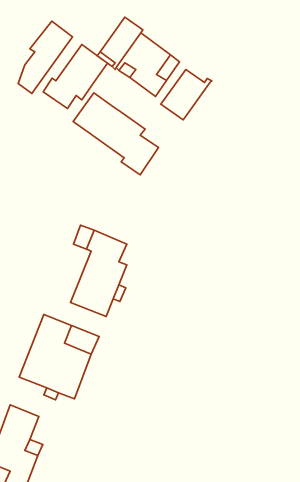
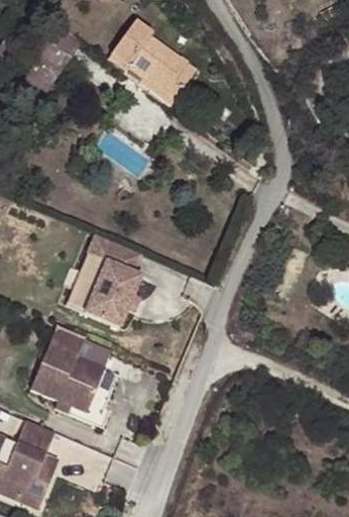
building: [43,44,107,109] -> none
building: [161,69,212,120] -> none
building: [73,93,159,175] -> none

